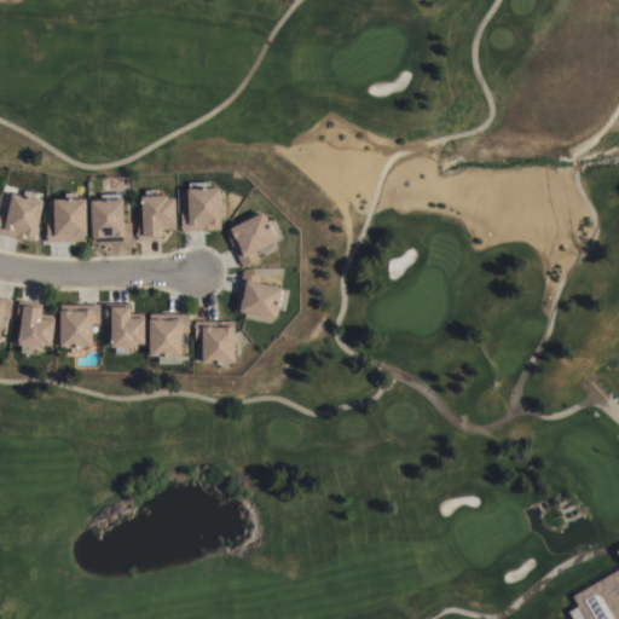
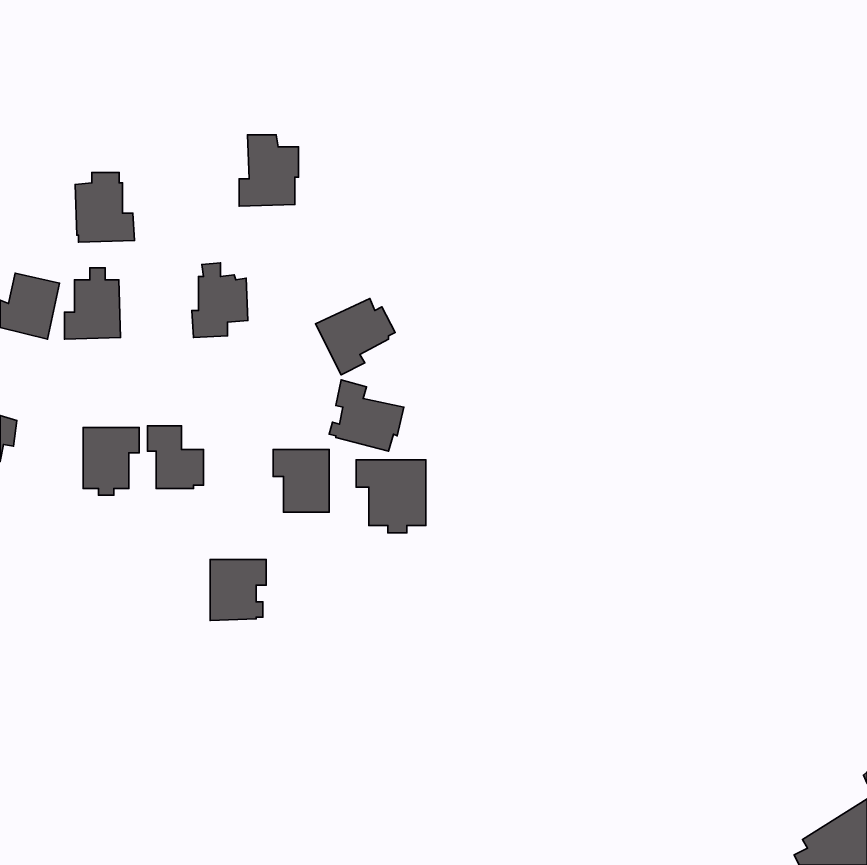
building: [181,180,224,231] -> [239,135,298,206]
building: [89,193,132,243] -> [75,173,134,242]
building: [16,301,54,353] -> none
building: [149,314,189,358] -> [210,560,266,621]
building: none -> [356,460,426,533]

